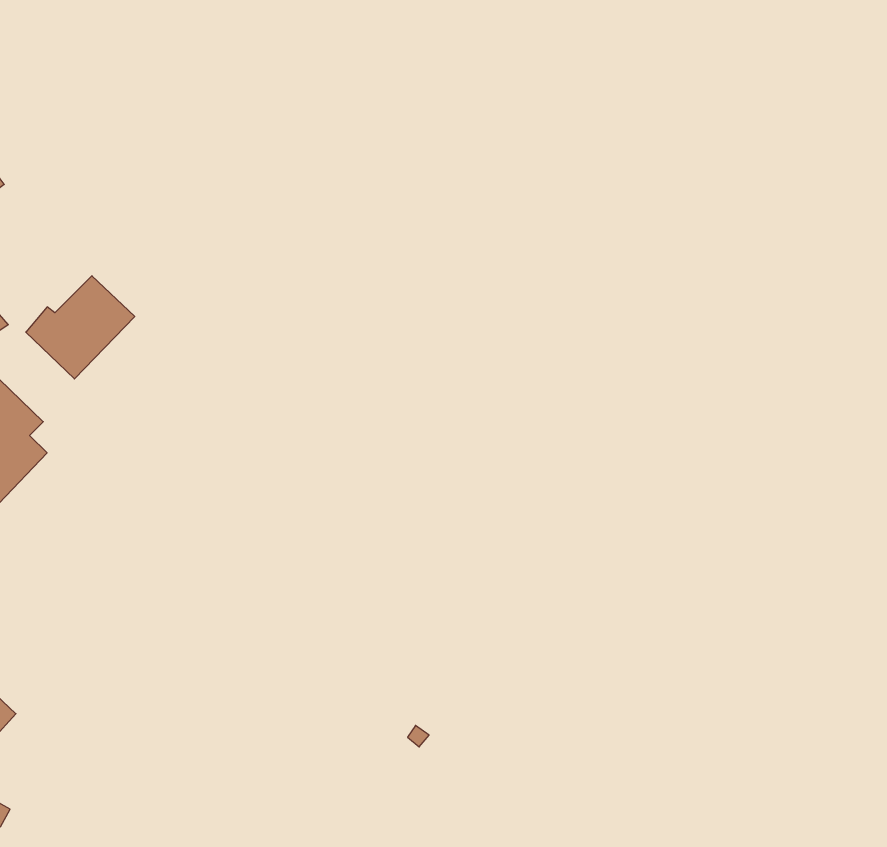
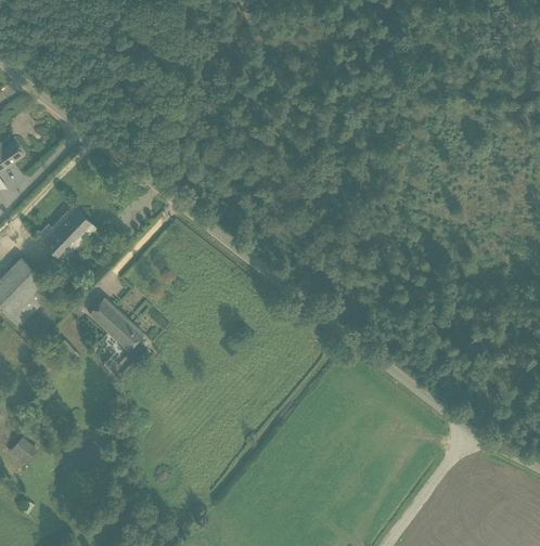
building: none -> [86,295,142,350]

